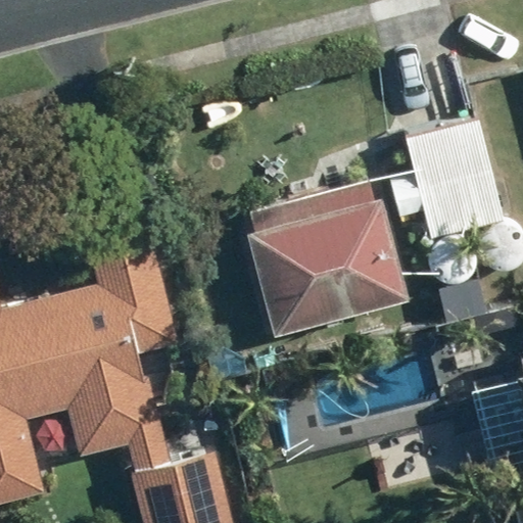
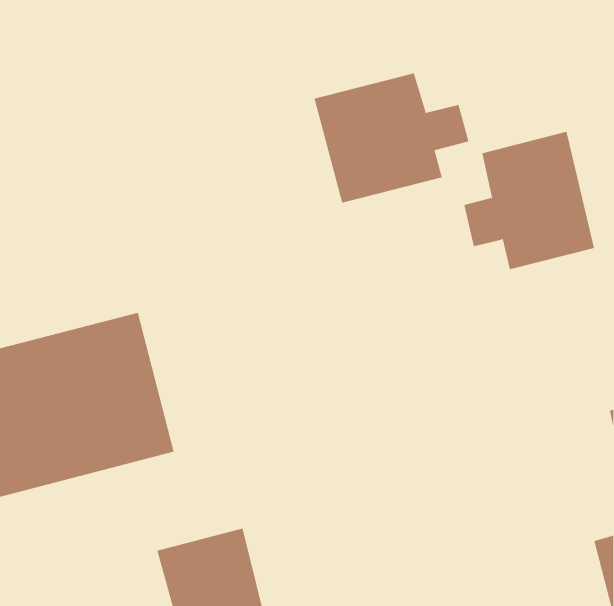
building: none -> [314,73,469,204]
building: [247,182,412,338] -> none

